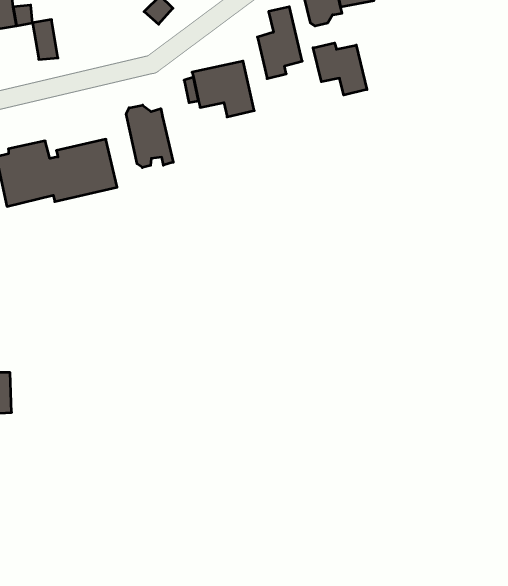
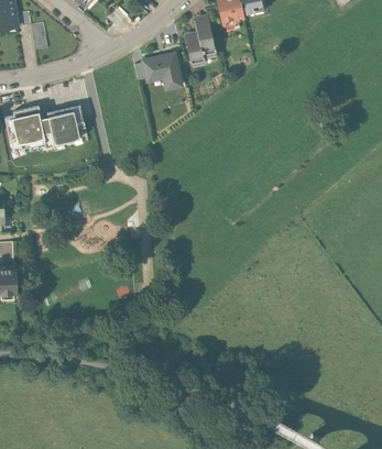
building: [313,43,367,95] -> none
building: [126,105,173,168] -> none

